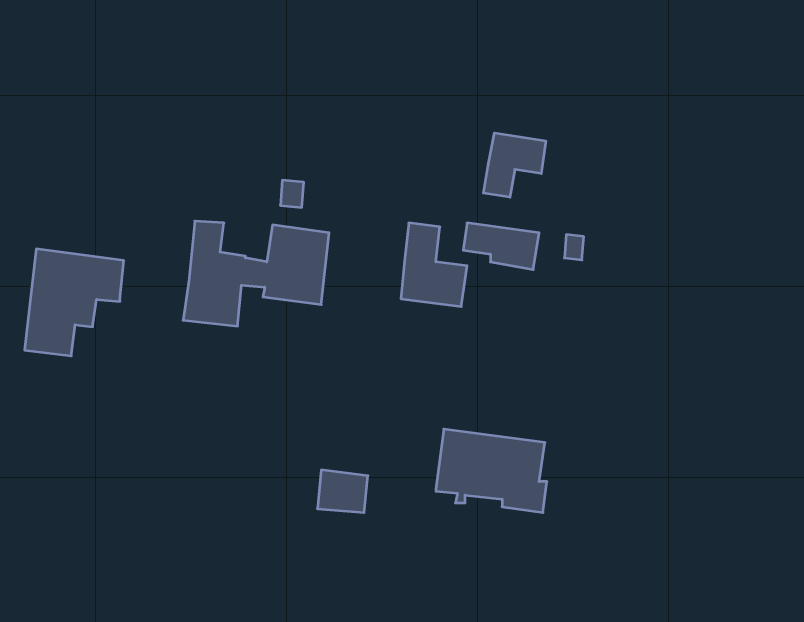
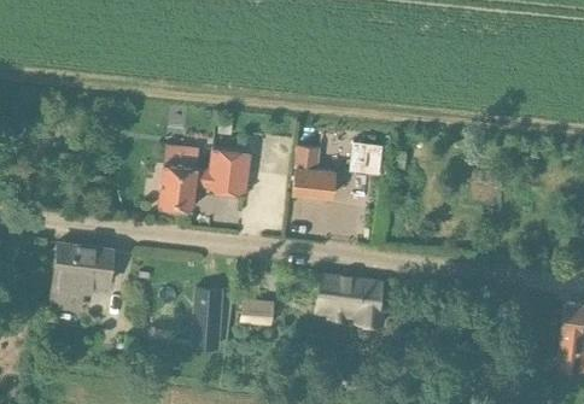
building: [483,133,546,197] -> none
building: [25,249,124,356] -> [52,242,113,309]
building: none -> [192,286,224,350]

